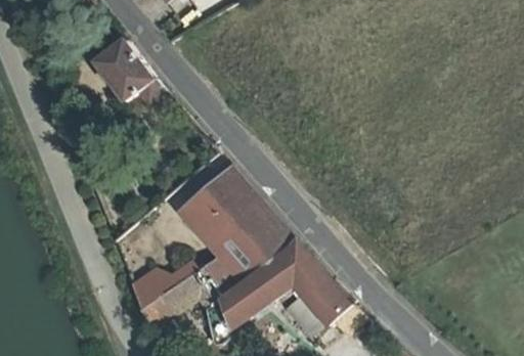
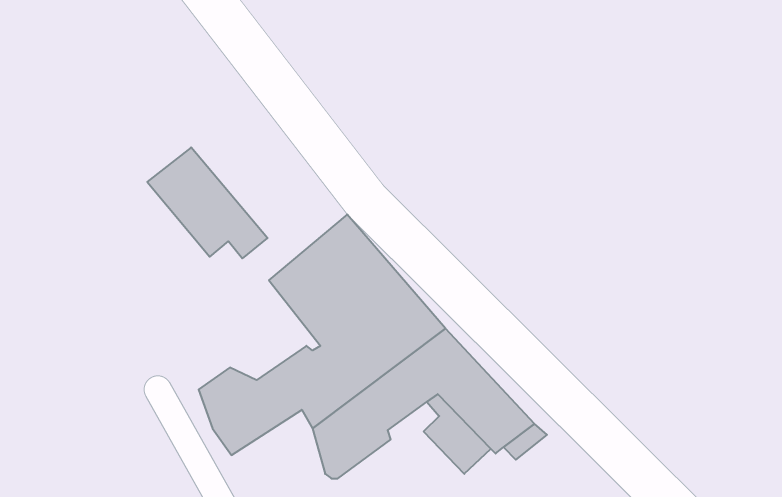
building: [86,31,165,103] -> [147,147,268,258]

